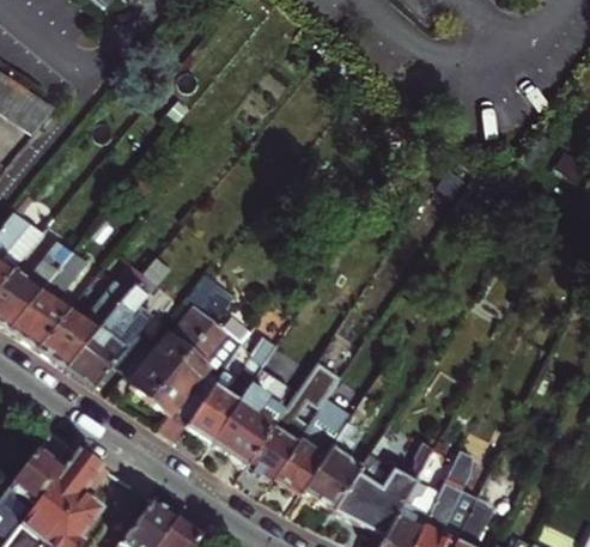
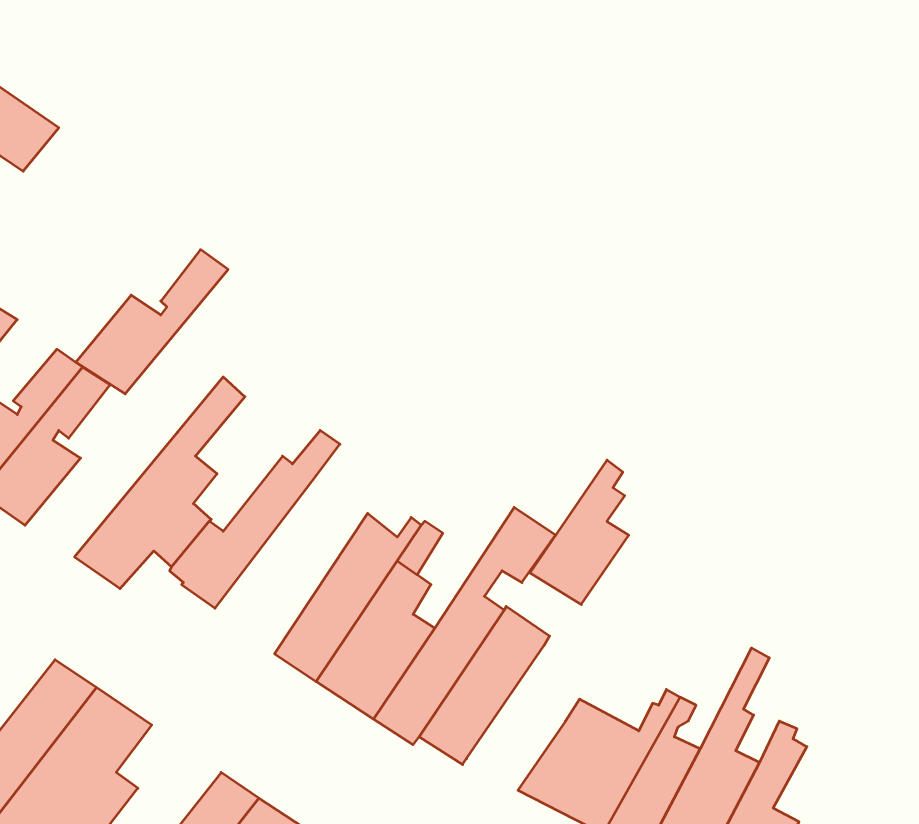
building: [35,281,127,369] -> [76,250,228,394]
building: [150,320,242,444] -> none
building: [302,423,361,510] -> [530,460,629,605]

